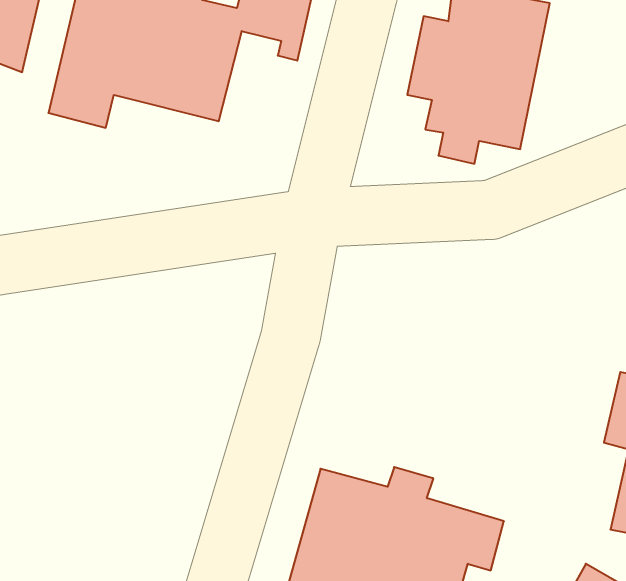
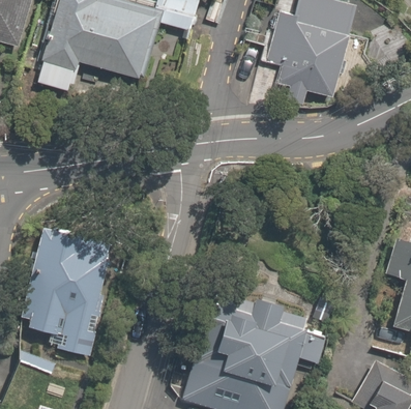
building: none -> [19,221,109,356]

